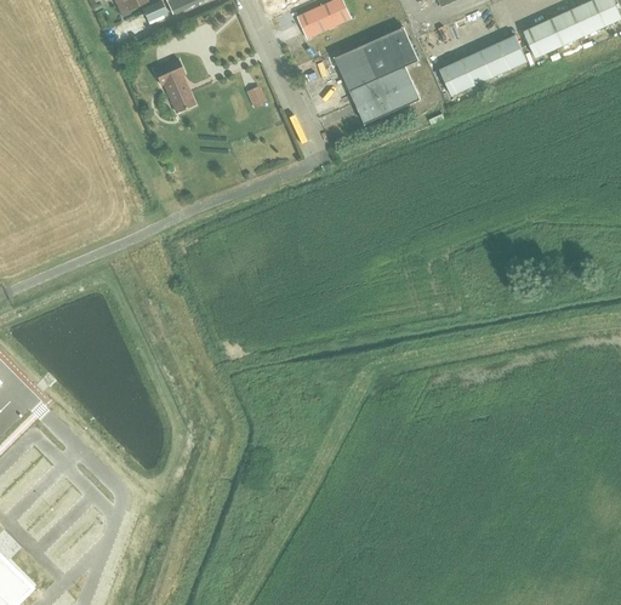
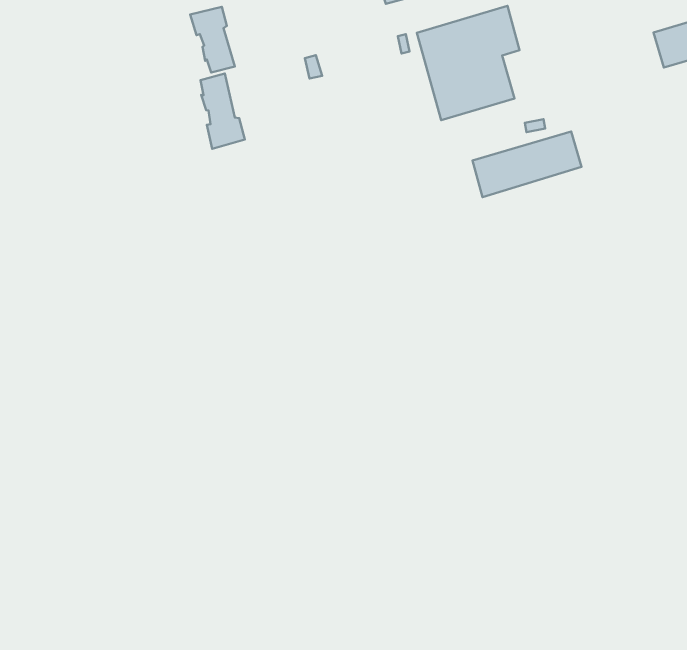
building: [439,34,526,96] -> [472,132,581,197]
building: none -> [200,74,245,149]

